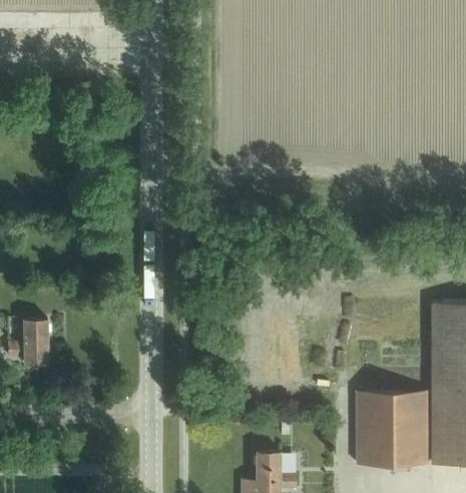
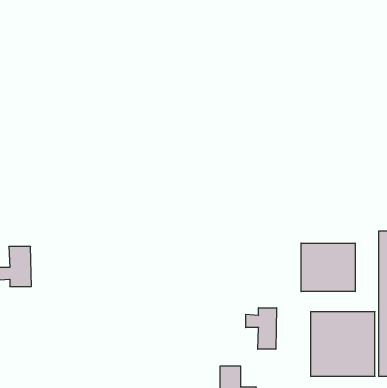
building: none -> [301,243,355,292]
building: none -> [246,308,277,349]

